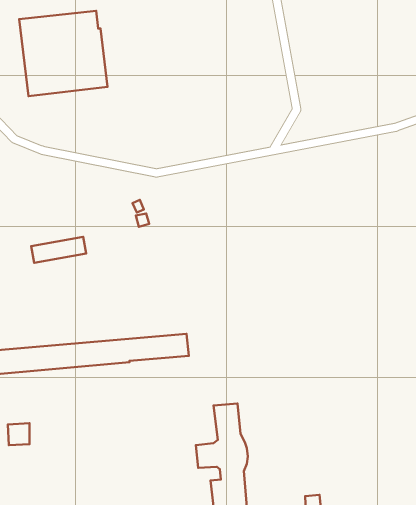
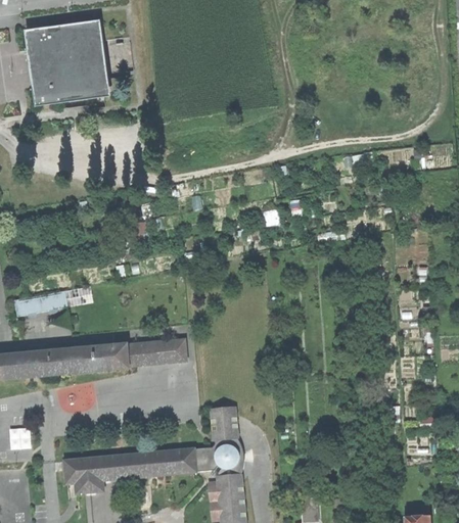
building: [31,237,86,263] -> [15,290,70,316]
building: none -> [65,448,196,491]

